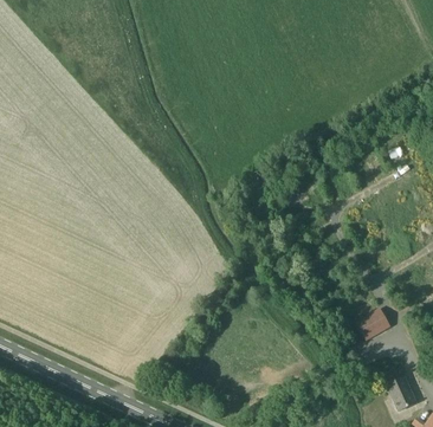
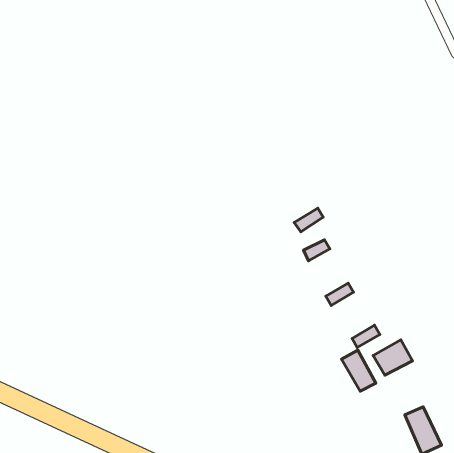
building: none -> [342,350,376,391]

